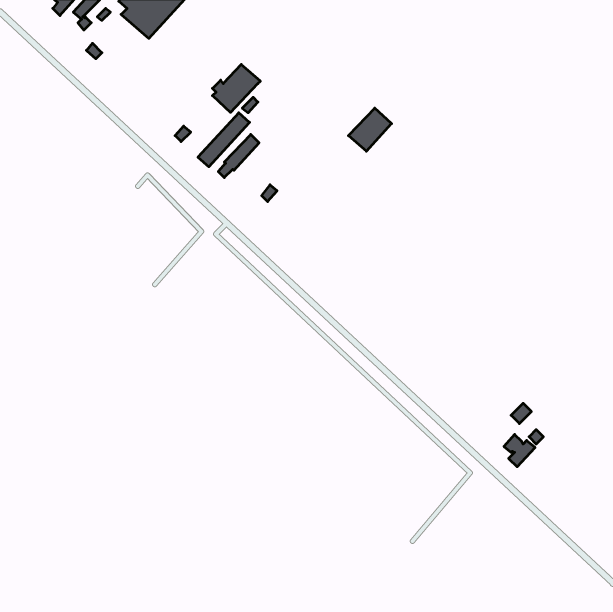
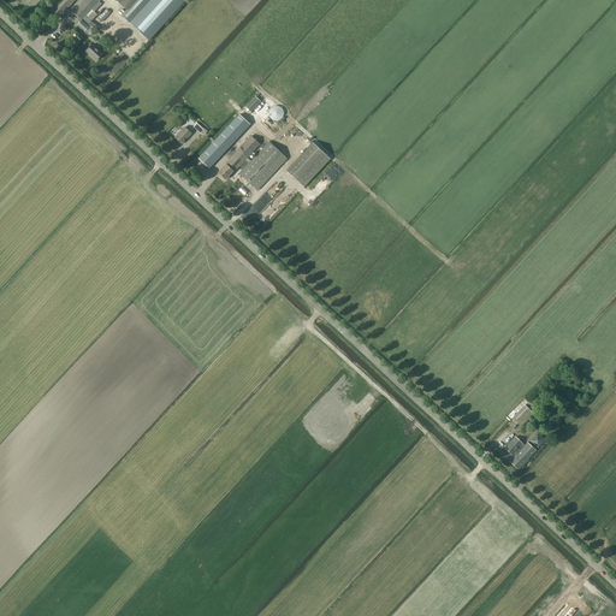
building: [212,64,260,112] -> [239,141,288,189]
building: [348,108,392,151] -> [286,142,330,185]

